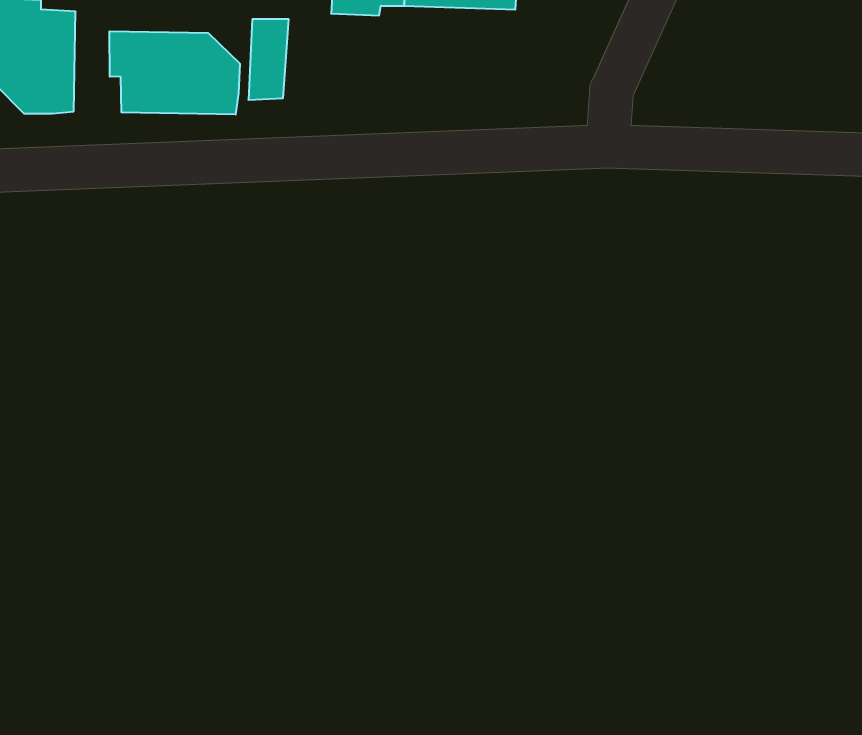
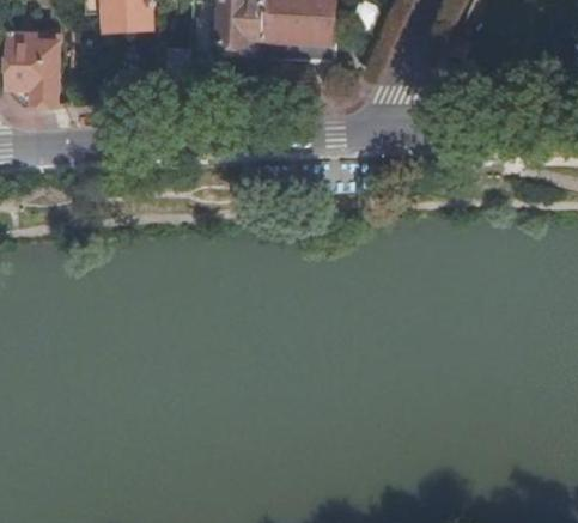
building: [109,31,240,115] -> none

